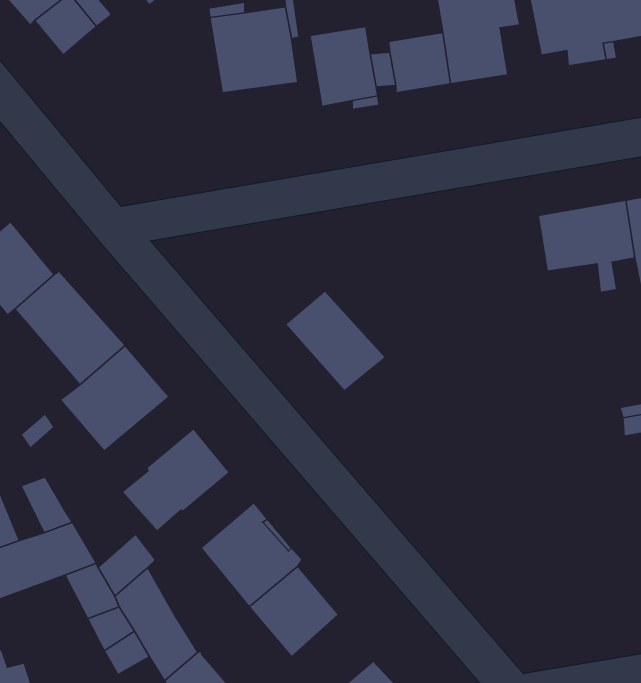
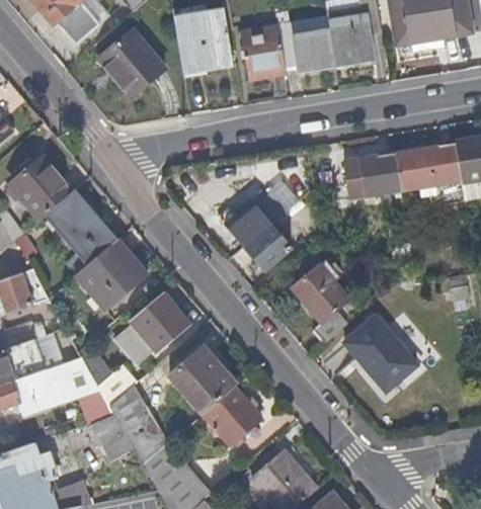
building: none -> [97,29,163,97]
building: none -> [342,152,400,196]
building: none -> [294,252,350,343]
building: none -> [345,315,418,392]

